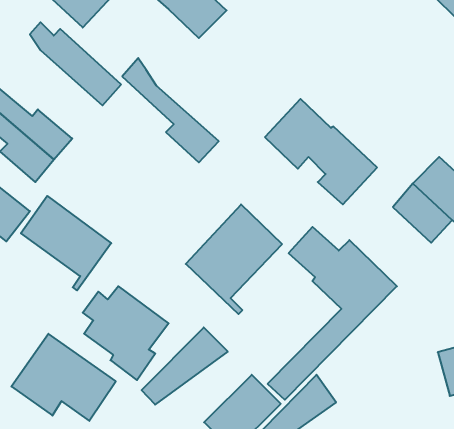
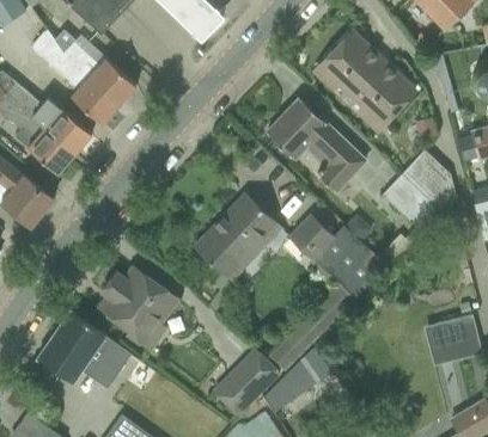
building: none -> [313,32,416,133]
building: [122,58,219,162] -> [32,29,120,123]
building: [21,196,111,290] -> none
building: [142,327,228,405] -> none

